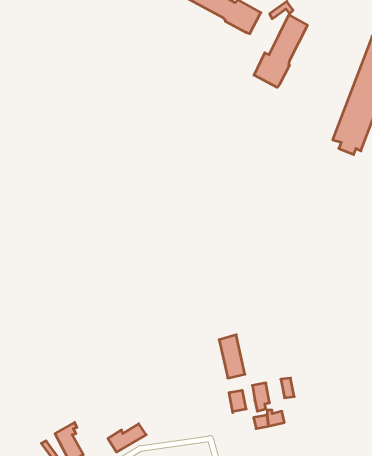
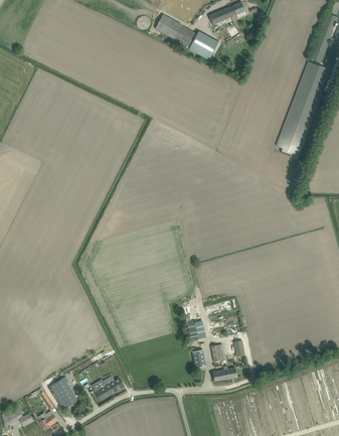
building: [254,15,307,87] -> none

